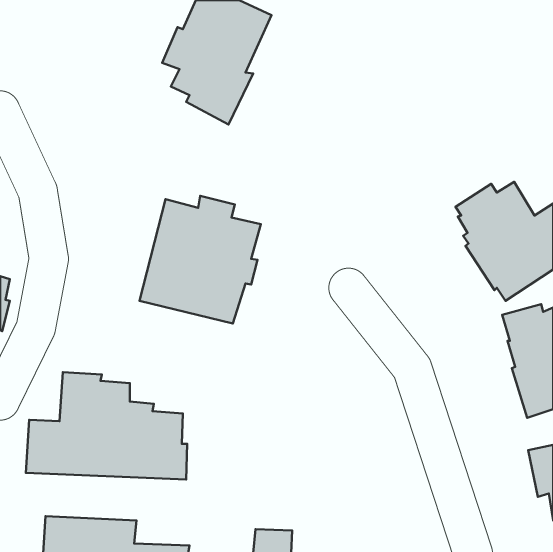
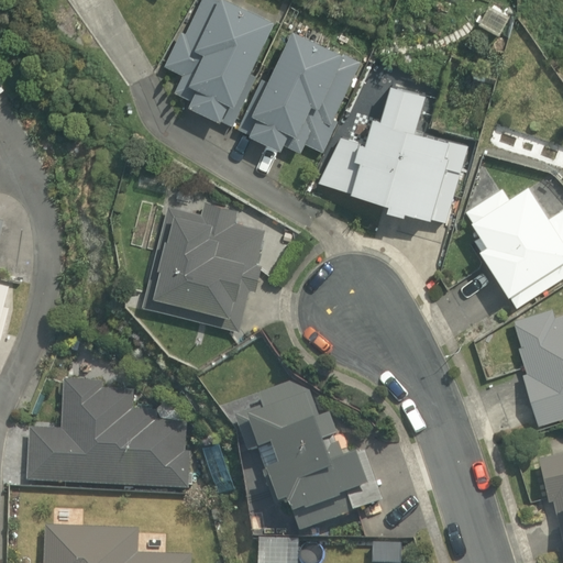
building: none -> [251,30,360,152]
building: none -> [319,84,468,221]
building: none -> [238,384,382,532]

